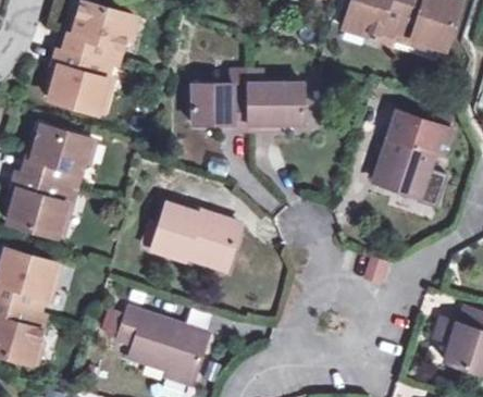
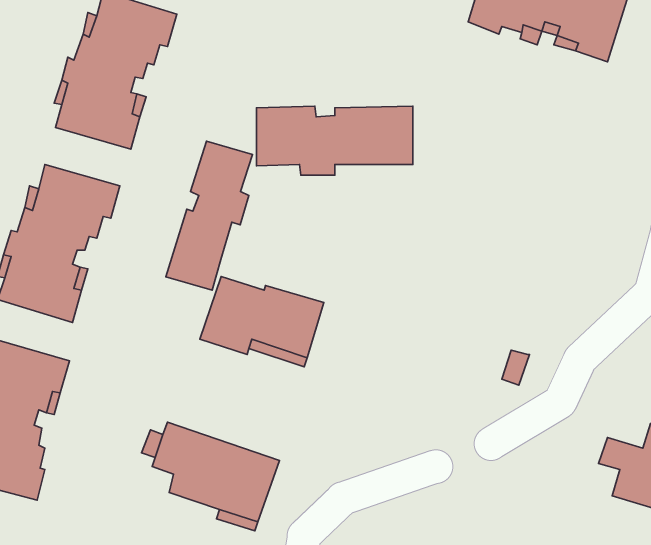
building: none -> [166,141,253,290]
building: [374,116,434,190] -> none

